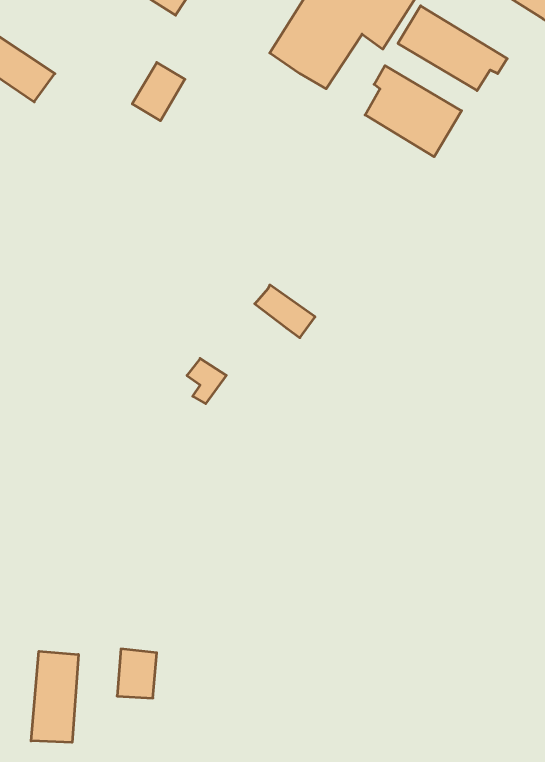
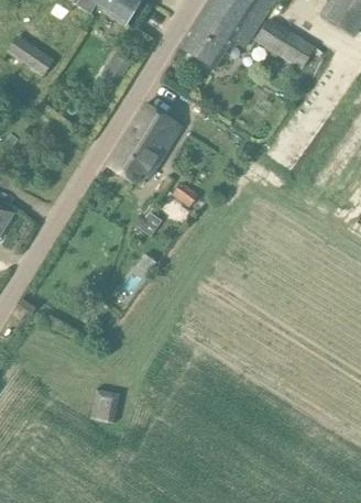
building: [365,66,462,157] -> none
building: none -> [107,102,180,183]
building: [31,651,78,742] -> none

